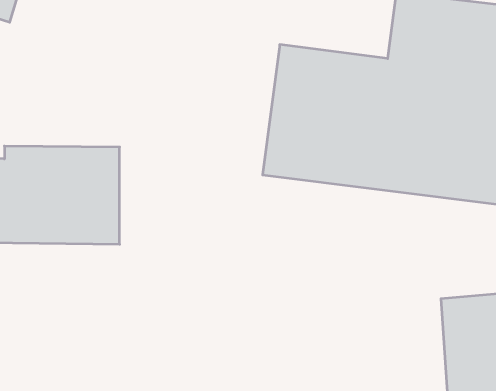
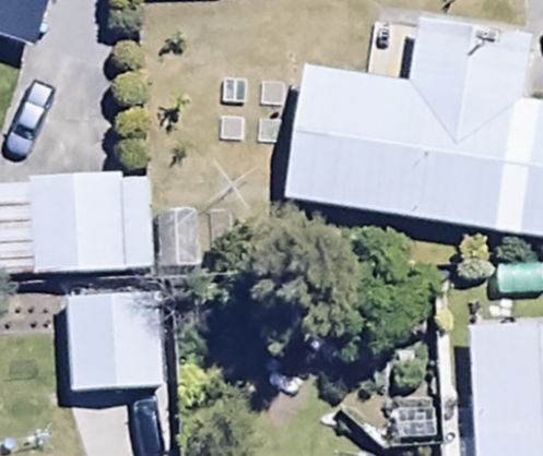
building: none -> [68,292,150,391]

